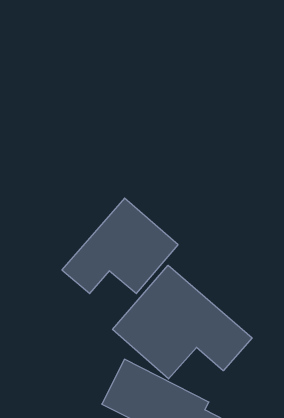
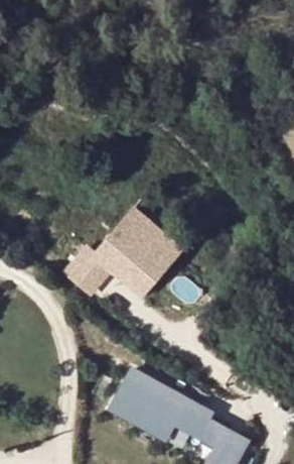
building: [113,265,252,379] -> none

